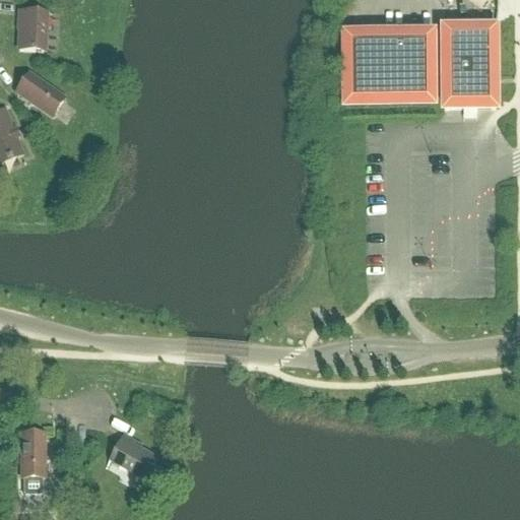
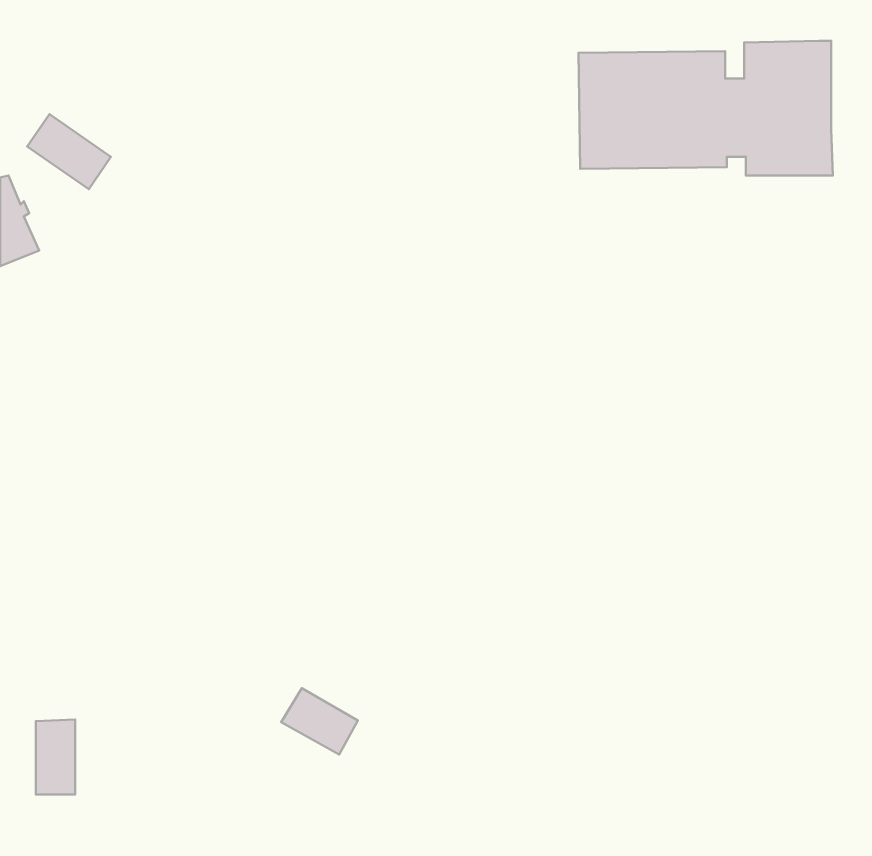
building: [19,6,47,47] -> none
building: [111,434,156,473] -> [281,688,358,755]

